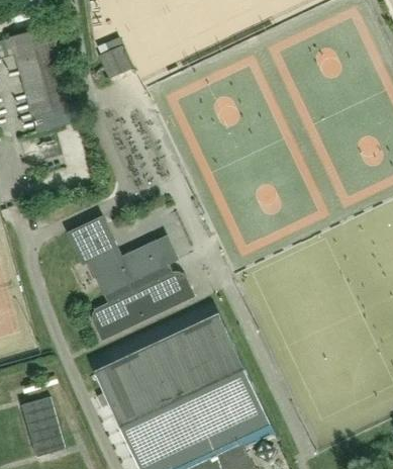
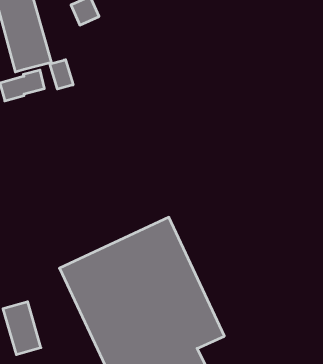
building: none -> [50,60,73,89]
building: [66,216,194,341] -> none

